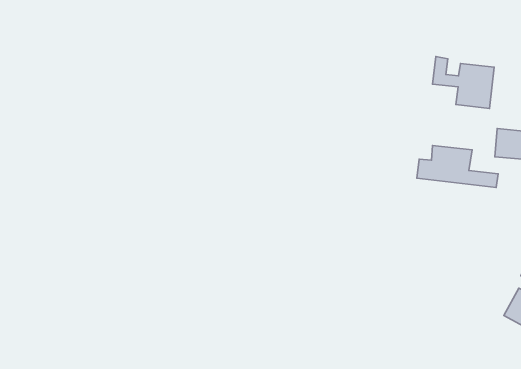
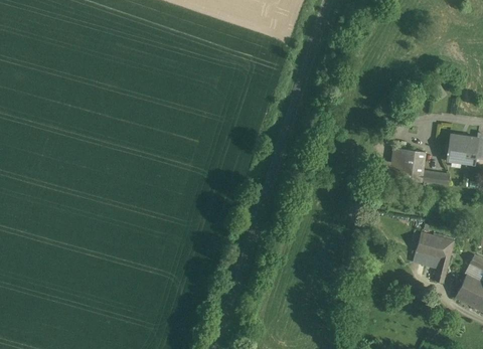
building: [433,57,494,108] -> none
building: none -> [414,232,455,272]

